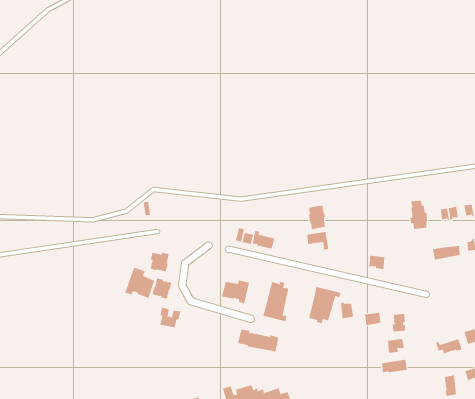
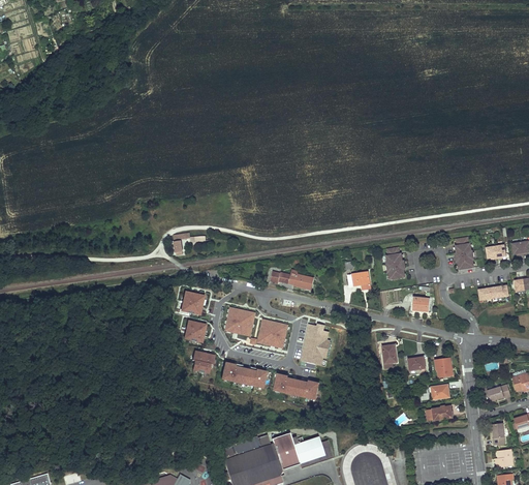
building: [308,205,326,230] -> [387,253,406,279]
building: none -> [225,307,254,333]
building: [125,267,155,299] -> none
building: [308,286,341,324] -> none
building: none -> [221,362,267,387]

